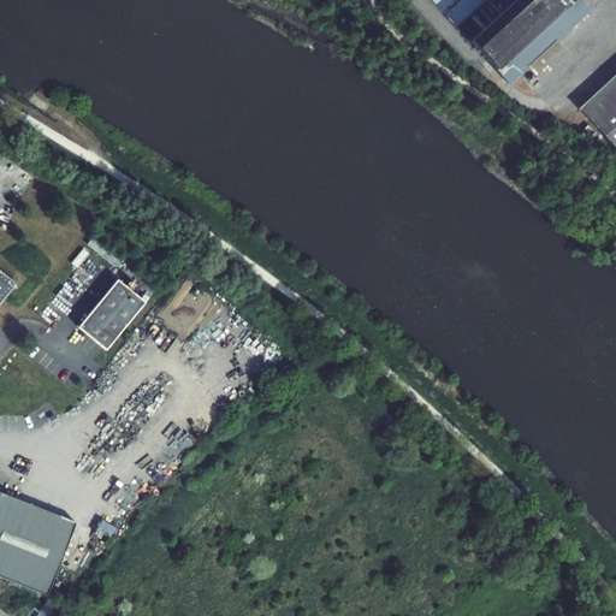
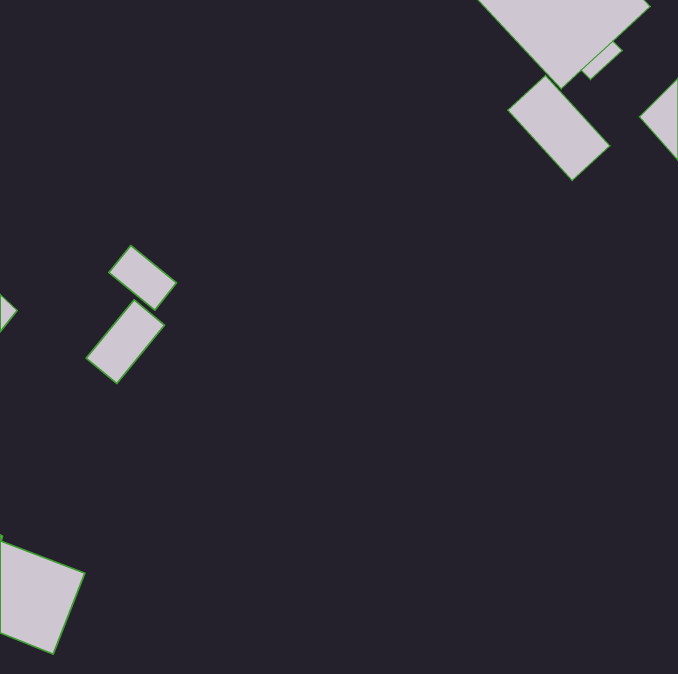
building: none -> [508,76,610,180]
building: none -> [109,246,177,310]

